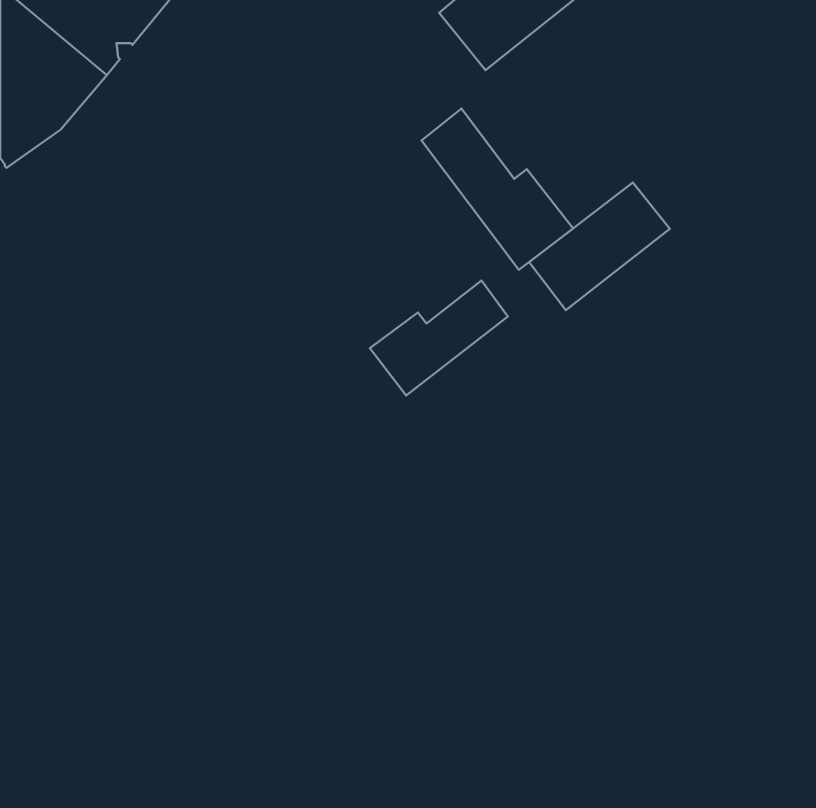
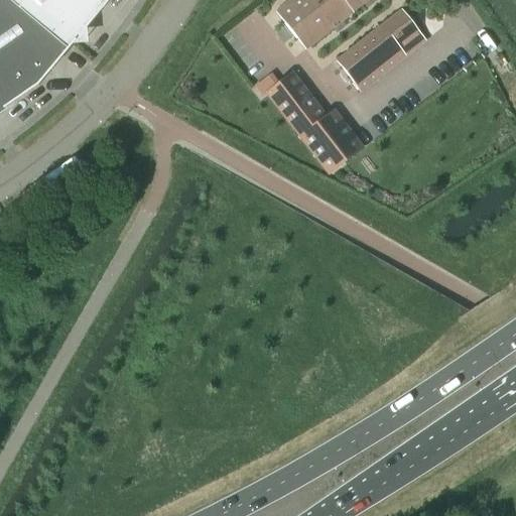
building: [529,182,670,310] -> [337,7,425,88]
building: [370,280,508,396] -> none

